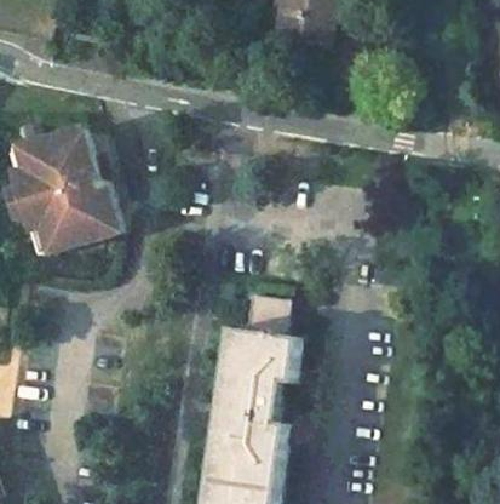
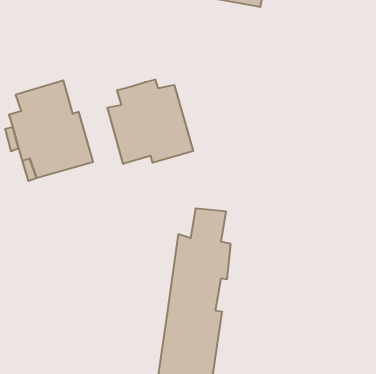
building: none -> [107,79,193,164]

